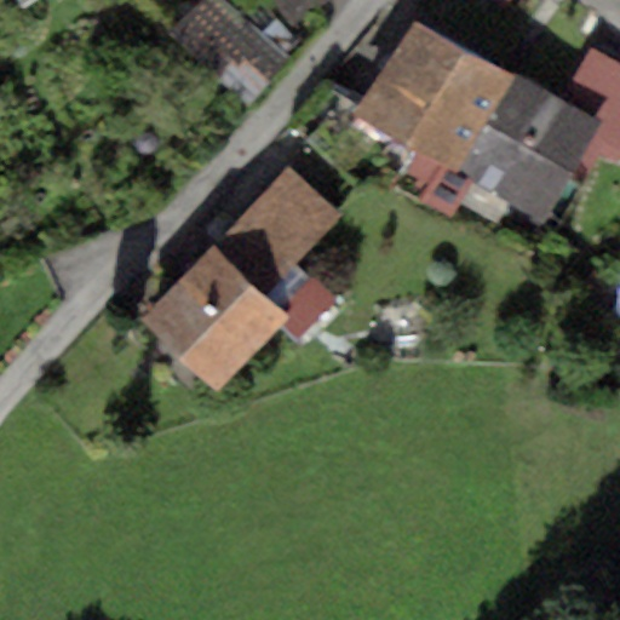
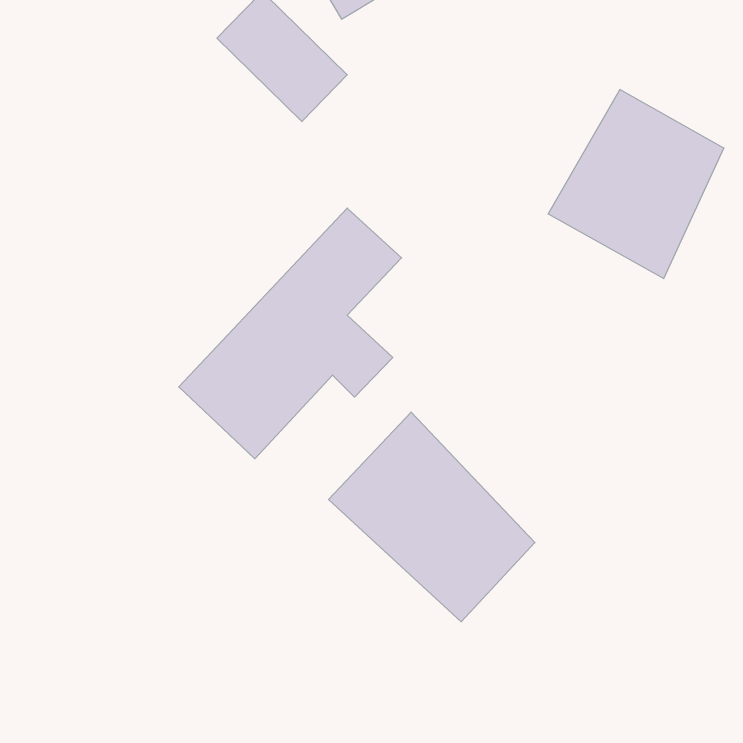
building: [355,18,512,177] -> none
building: none -> [329,412,535,622]

